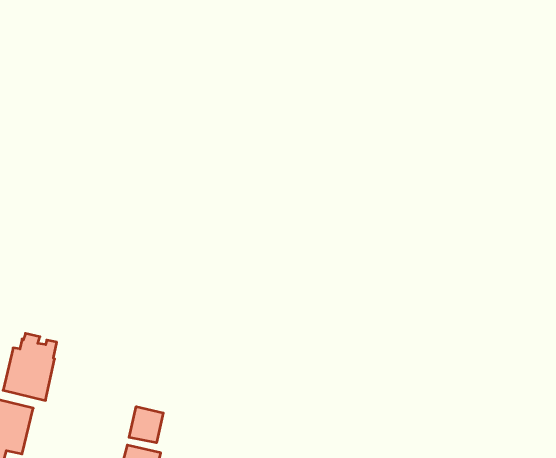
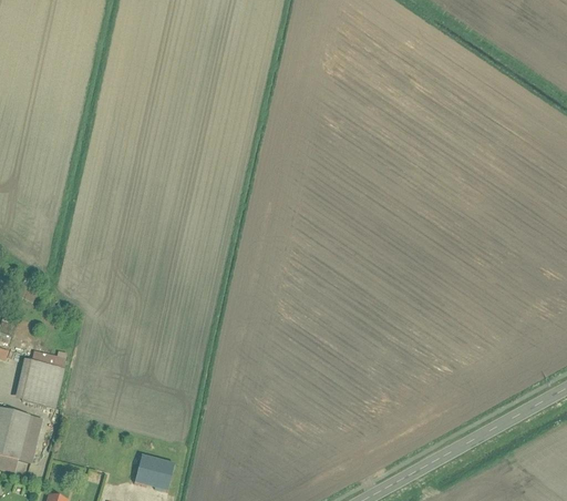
building: [129,407,163,443] -> none

